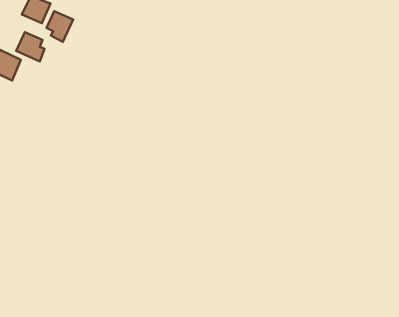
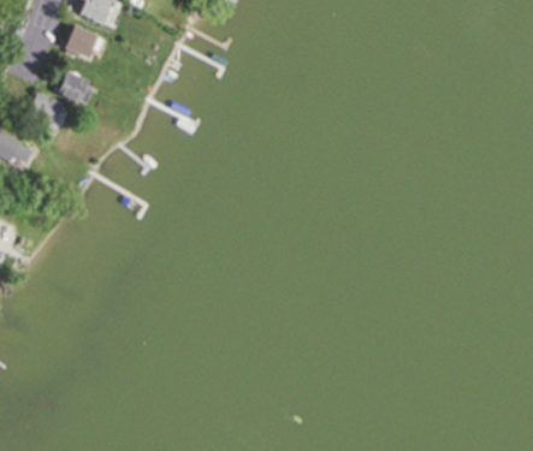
building: [47,11,73,42] -> none

